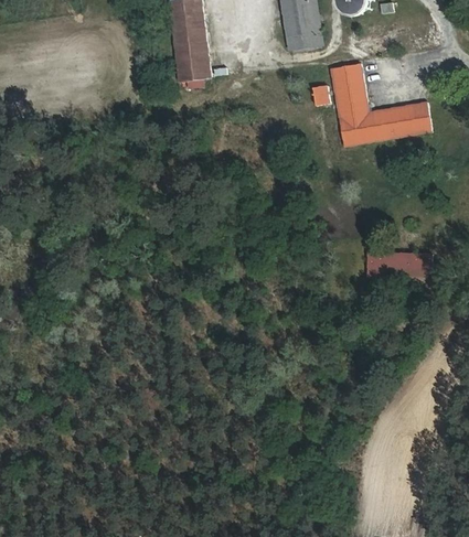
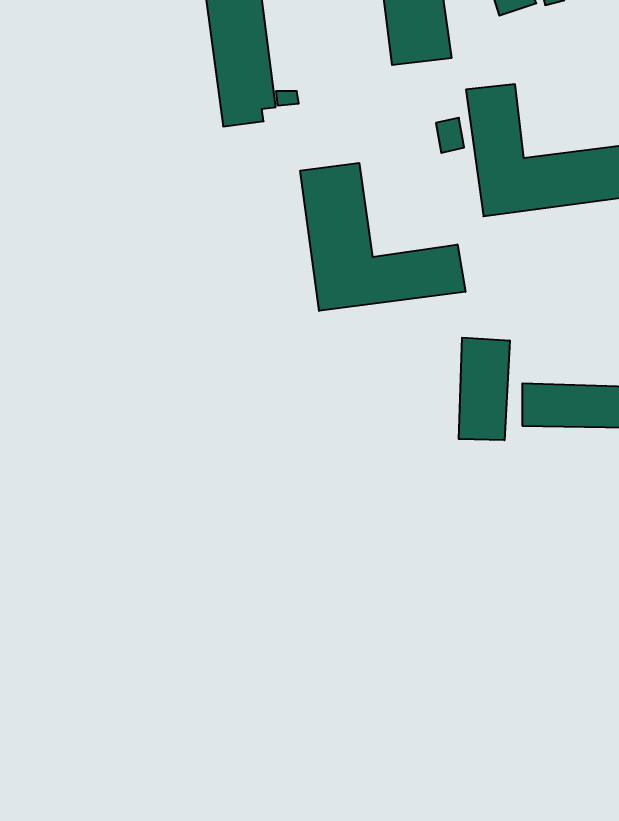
building: none -> [300,163,465,311]
building: none -> [459,338,510,440]

